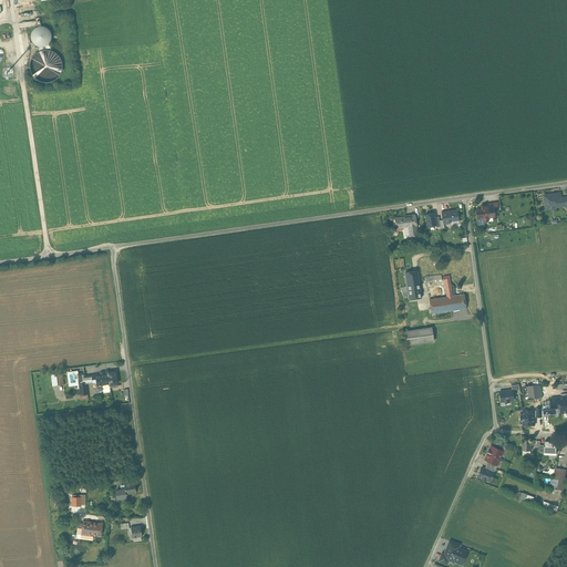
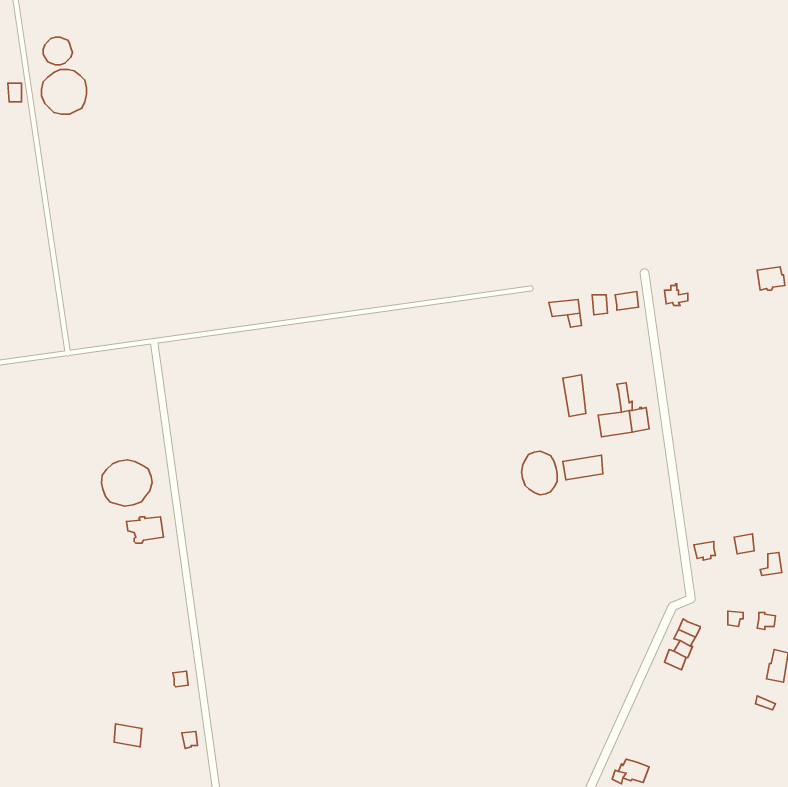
building: none -> [522,451,557,495]
building: none -> [102,460,152,506]

